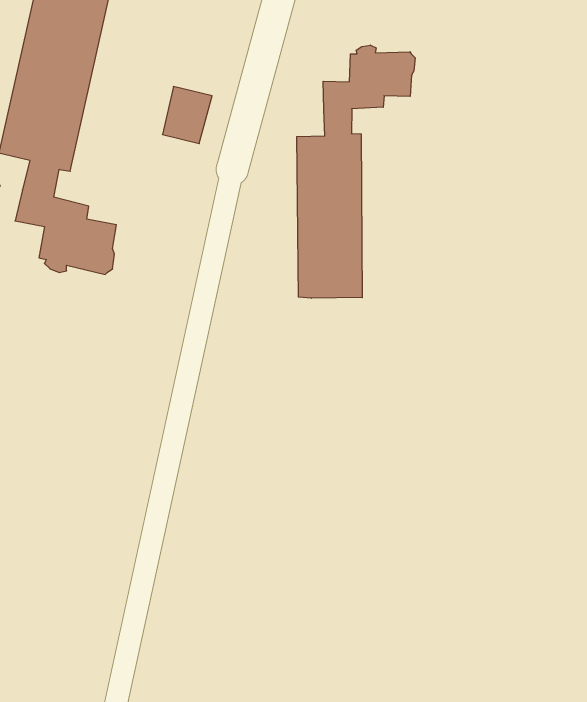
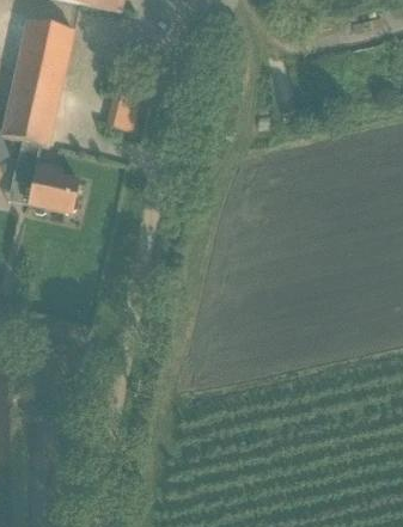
building: [297,45,415,298] -> none

